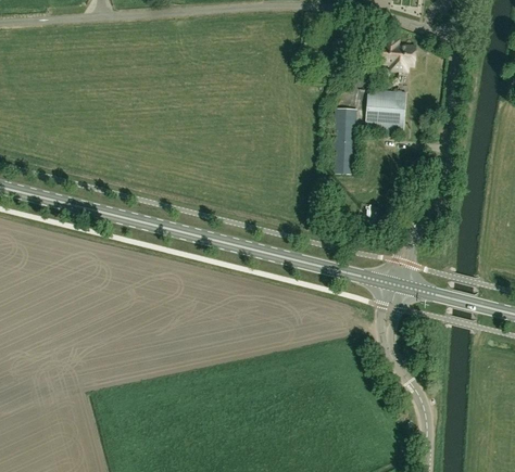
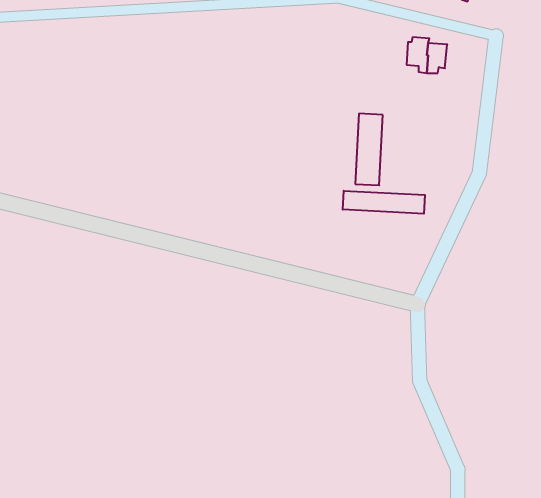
building: [364,88,405,128] -> none
building: none -> [343,191,425,214]

